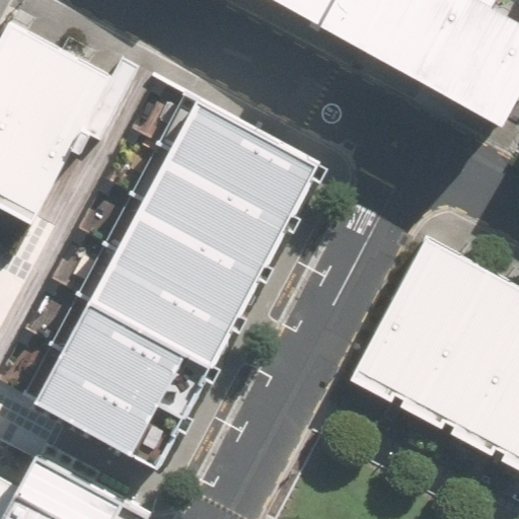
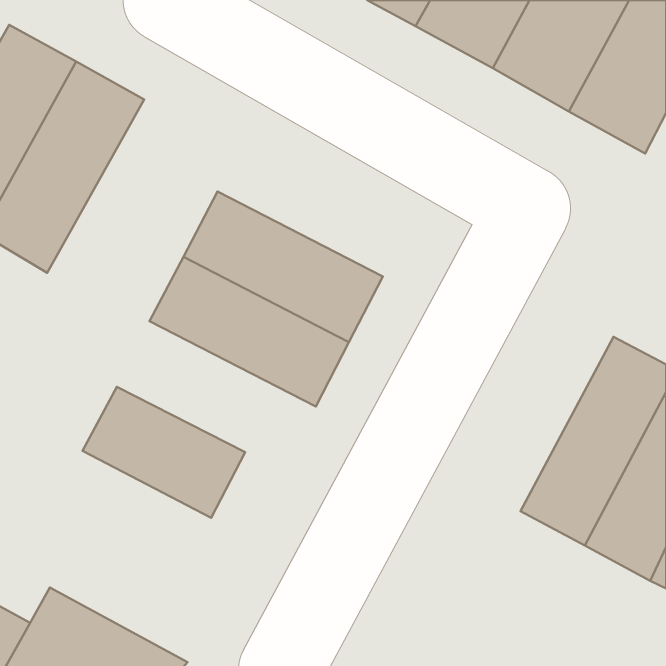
building: [168,101,322,217] -> none
building: [352,237,474,398] -> none
building: [90,251,244,368] -> none
building: [39,352,163,453] -> none

